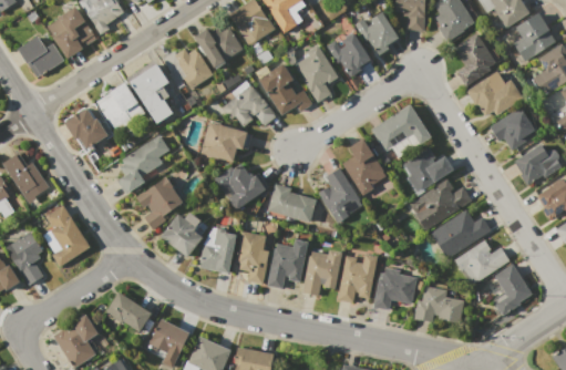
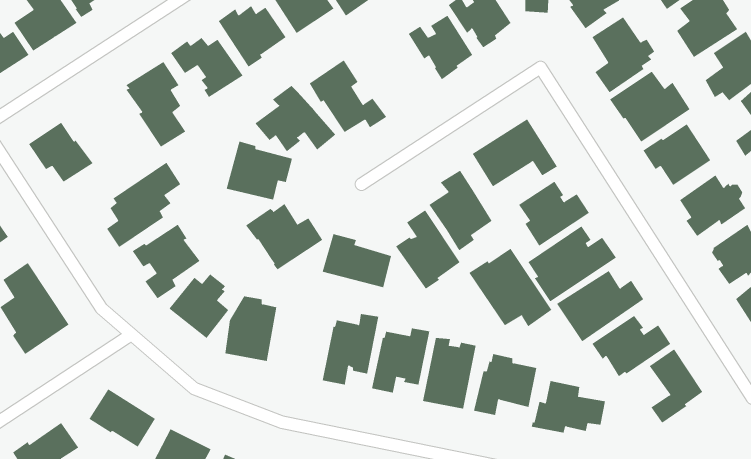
building: [295,44,339,103] -> none
building: [96,82,144,131] -> none
building: none -> [468,248,552,327]
building: [235,230,269,284] -> none

